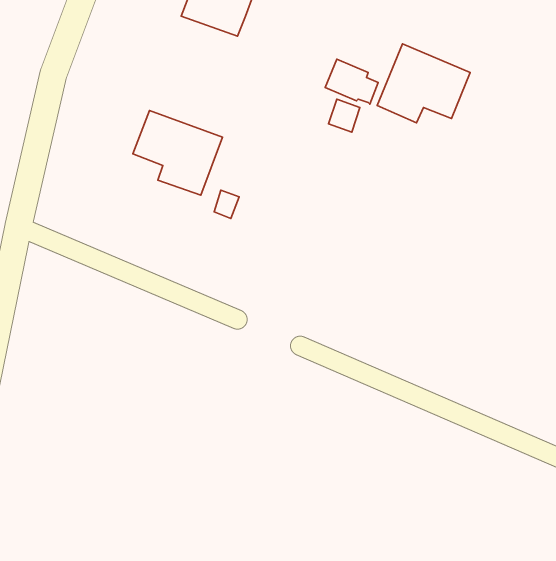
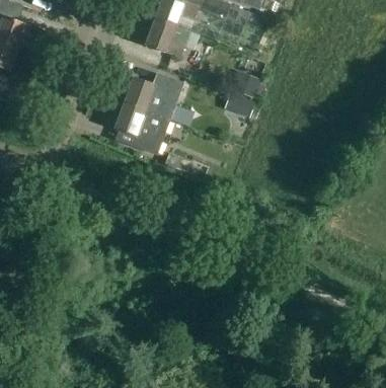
building: [377,44,470,123] -> none
building: none -> [124,74,181,119]

